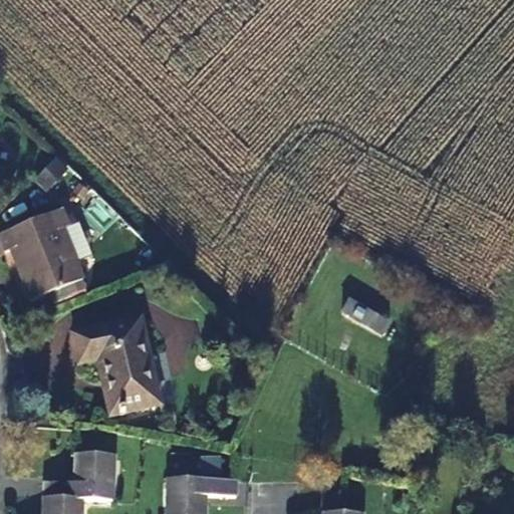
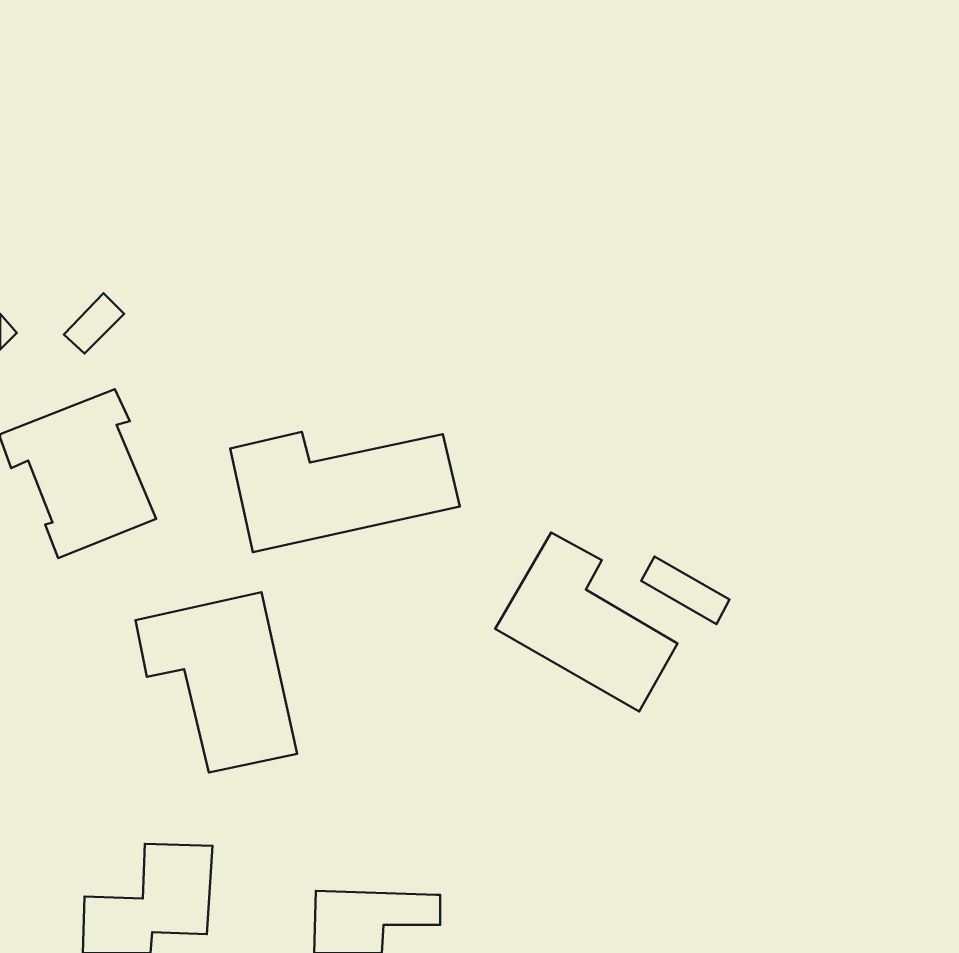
building: none -> [230,432,460,552]
building: none -> [495,532,677,712]

